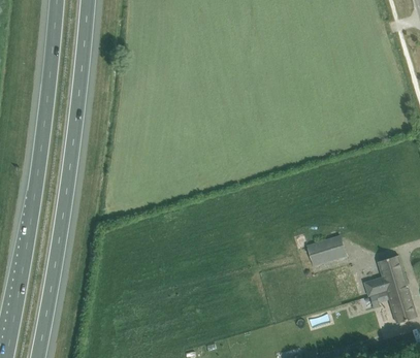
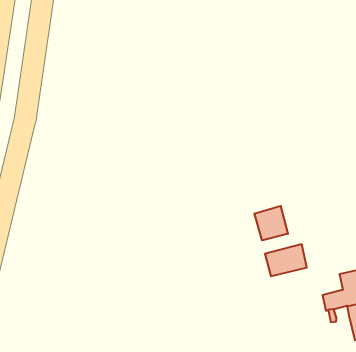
building: none -> [254,206,288,240]

